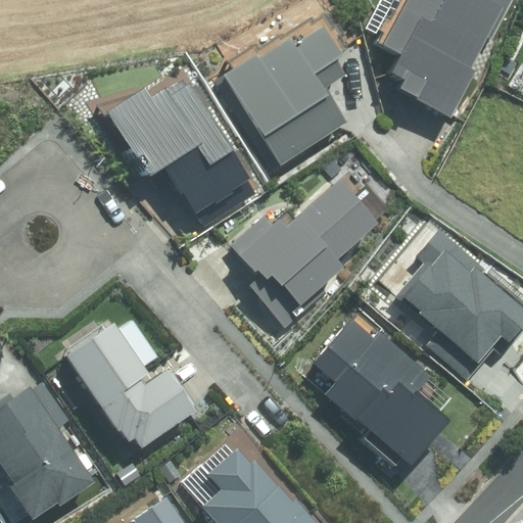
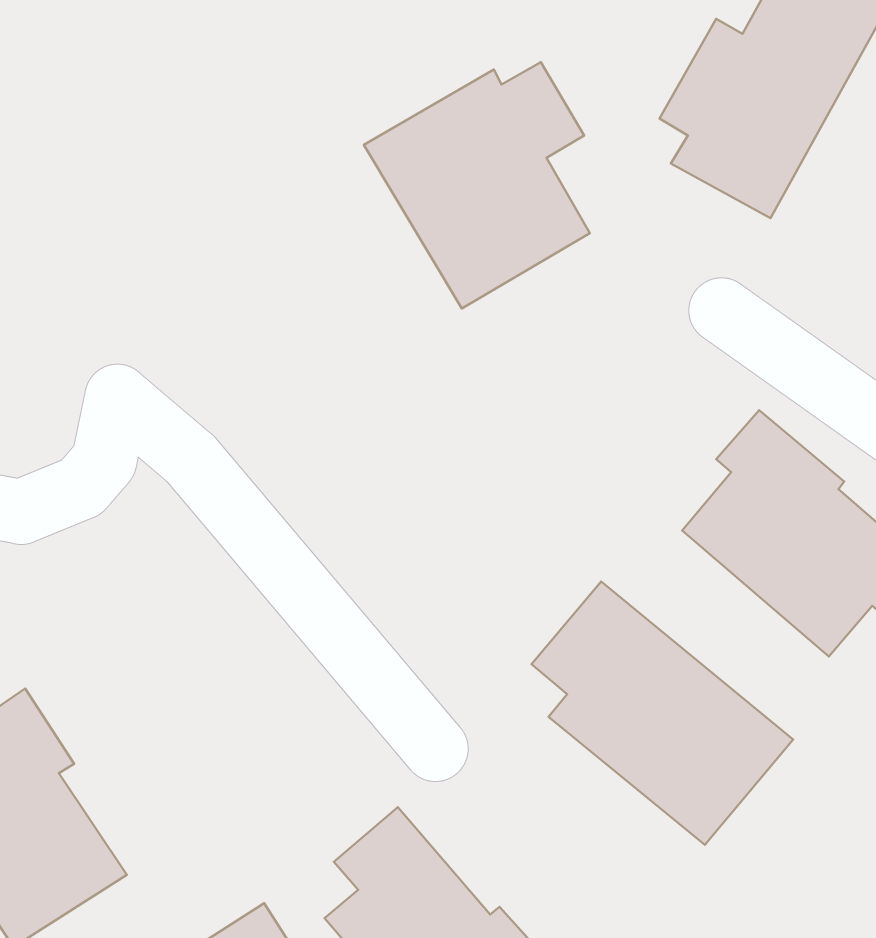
building: [107,76,259,224] -> none
building: [229,179,376,313] -> none
building: [66,323,196,453] -> none

